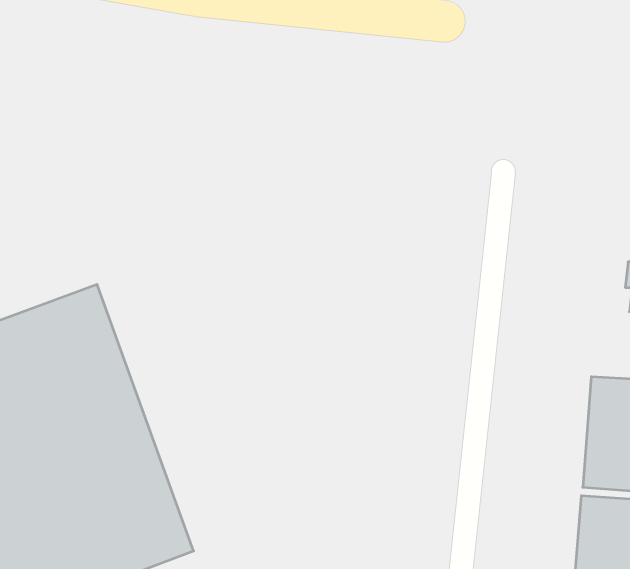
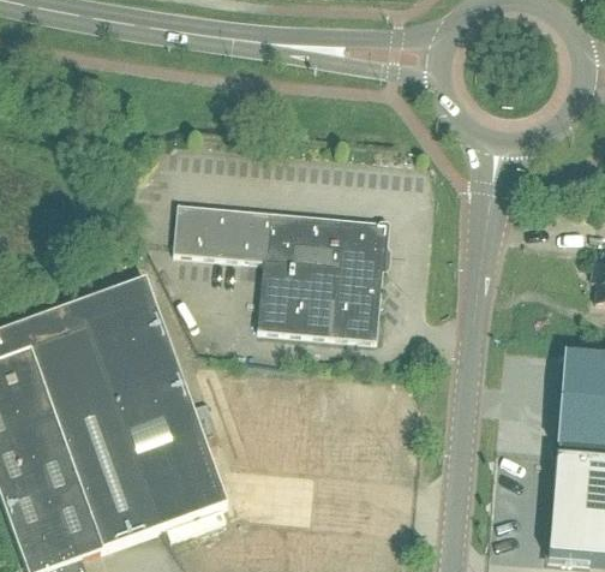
building: none -> [173,204,388,340]

